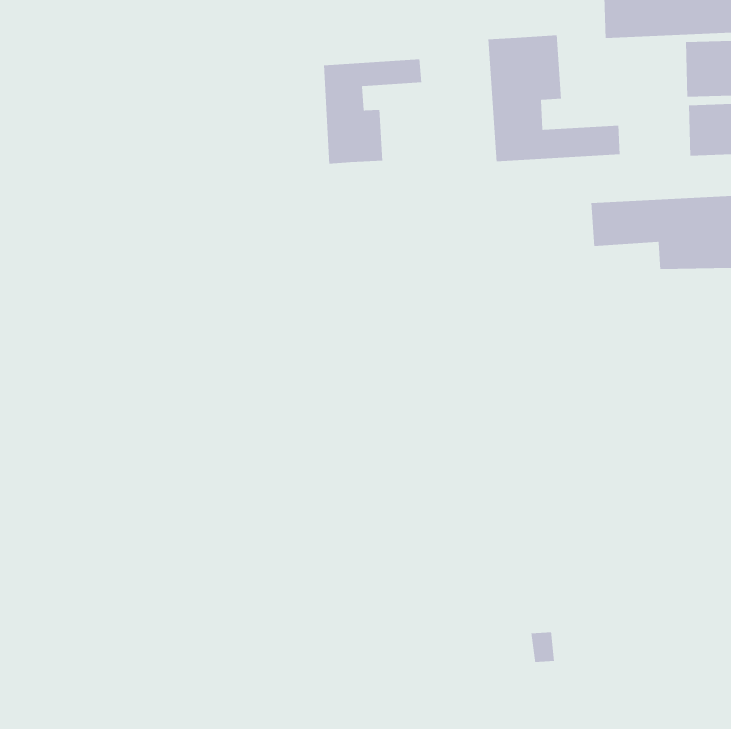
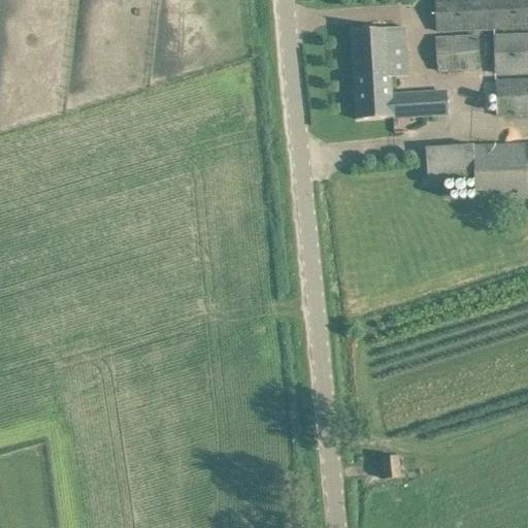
building: none -> [435,30,481,68]
building: [323,59,422,165] -> none

